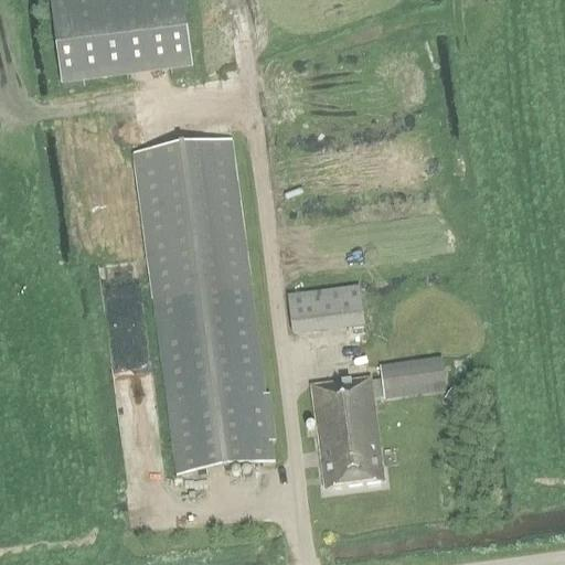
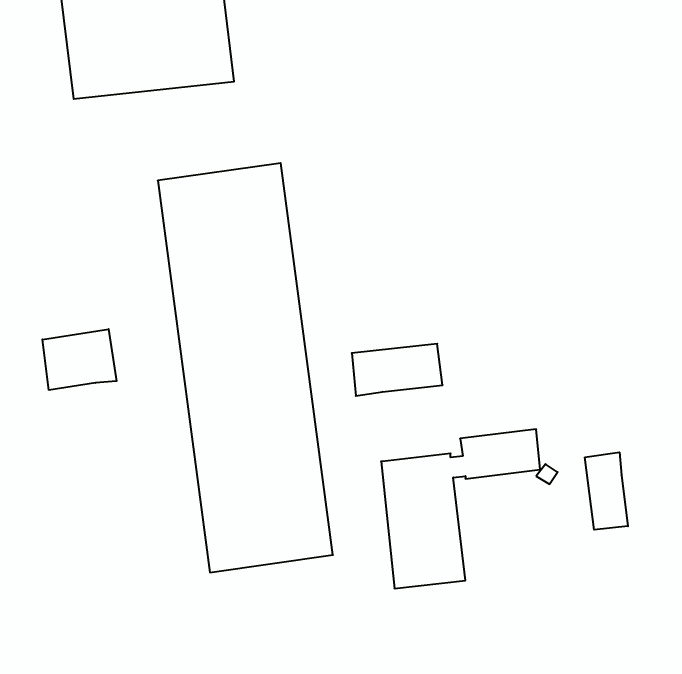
building: none -> [42,329,117,390]
building: none -> [585,452,628,530]

